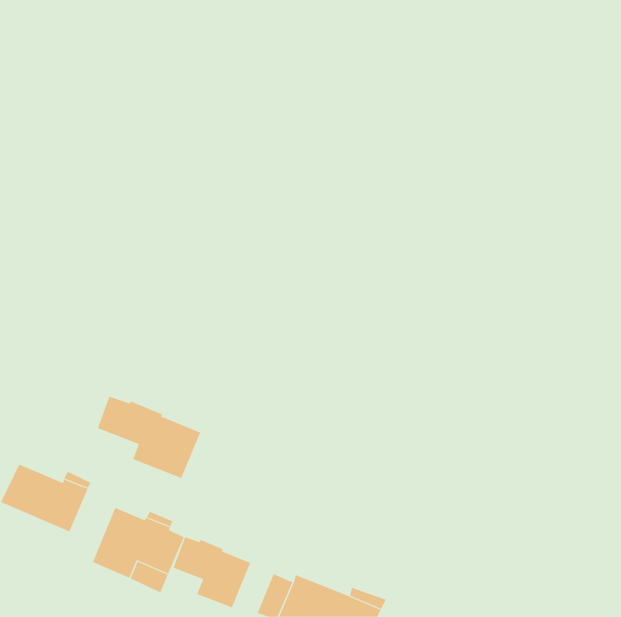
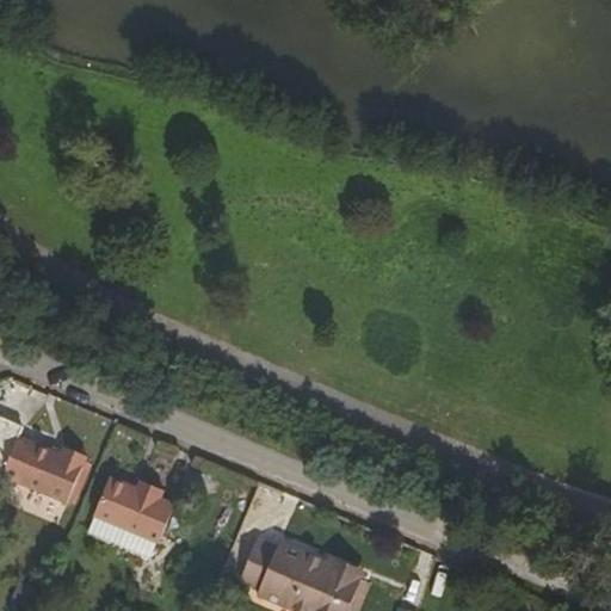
building: [97,396,201,479] -> none
building: [173,536,251,608] -> none

